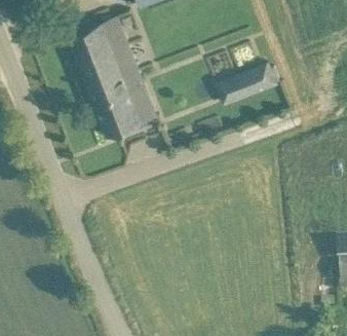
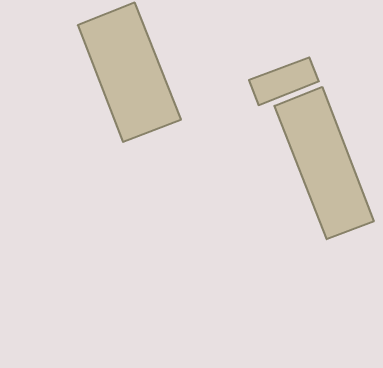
building: none -> [274,87,374,239]

